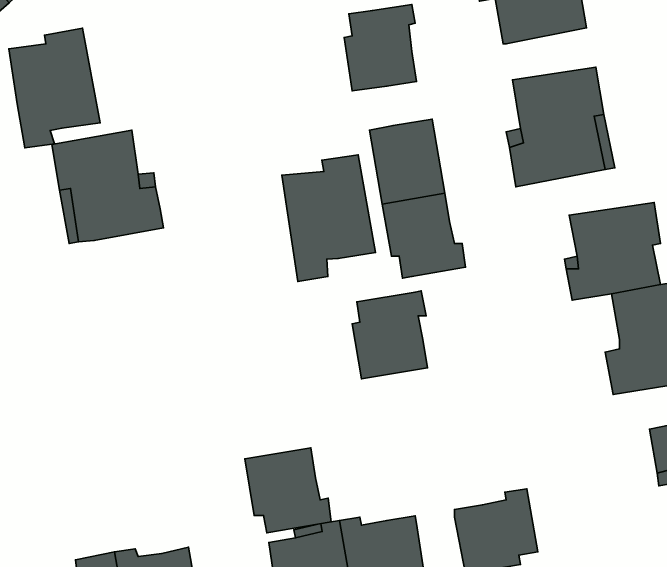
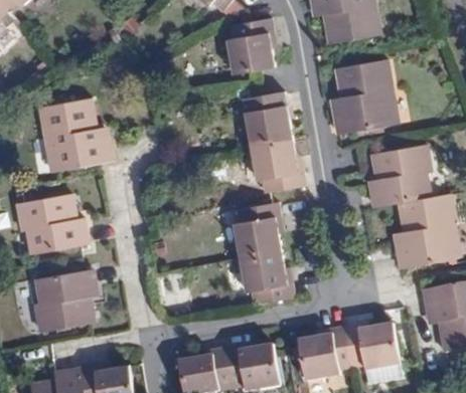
building: [9,28,100,148] -> none
building: [282,155,375,281] -> none
building: none -> [18,193,87,252]
building: none -> [35,269,96,332]
building: [245,448,331,533] -> [238,250,293,305]
building: none -> [343,324,399,372]

